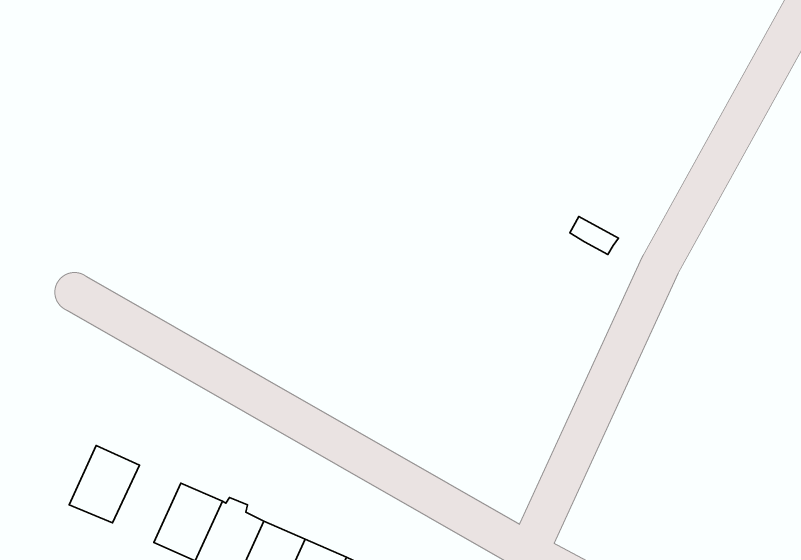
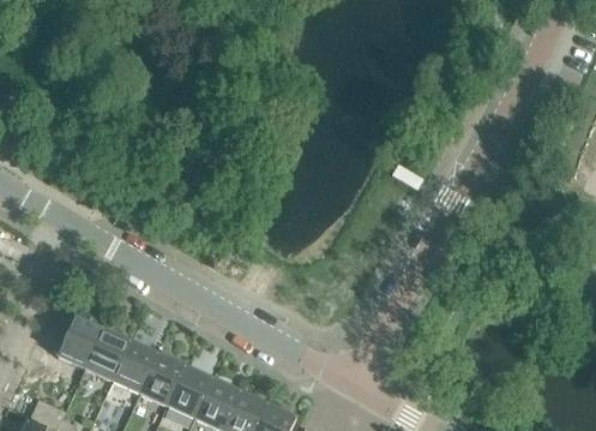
building: none -> [85,330,131,382]

